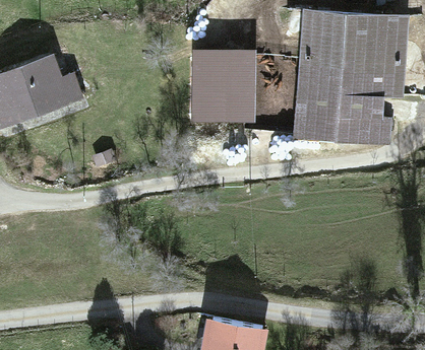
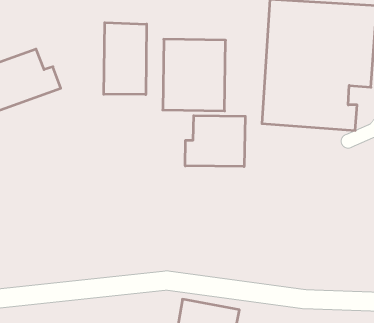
building: none -> [104,23,147,95]
building: none -> [185,116,245,167]

